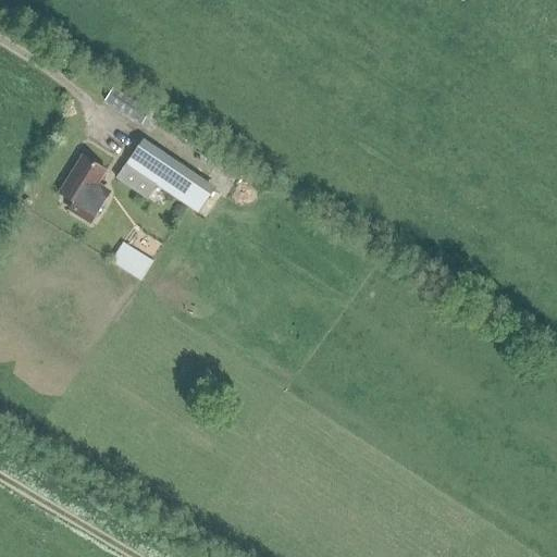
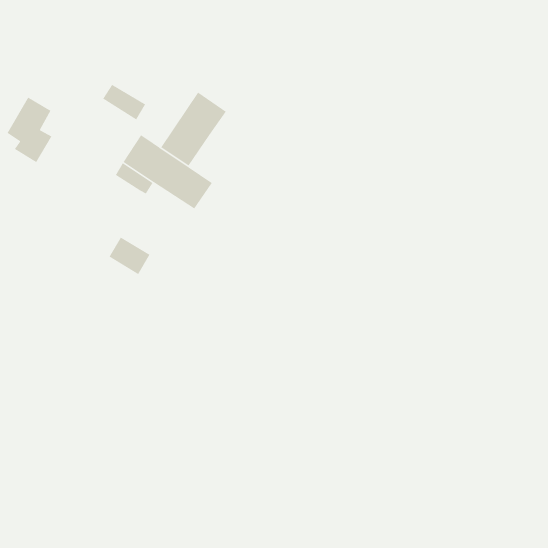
building: none -> [160,92,227,166]
building: [60,156,107,223] -> [6,97,53,163]

